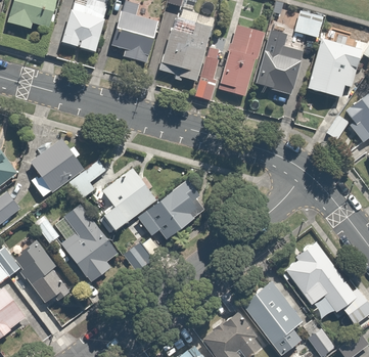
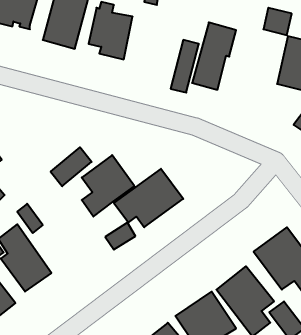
building: [156,18,211,85] -> none
building: [253,21,301,94] -> none
building: [29,135,84,197] -> none
building: [54,204,118,281] -> none

